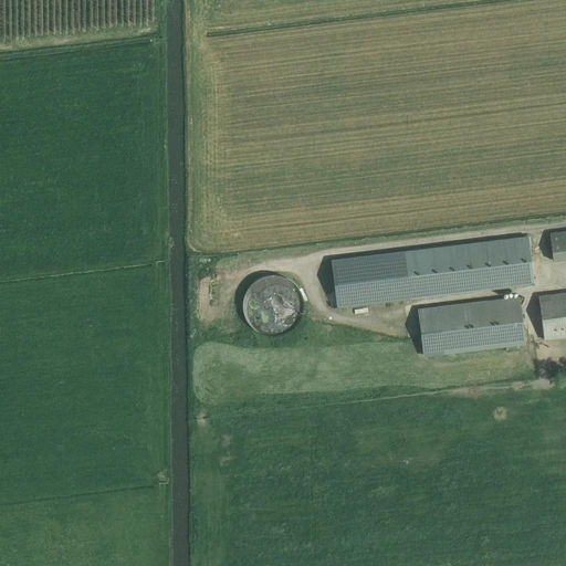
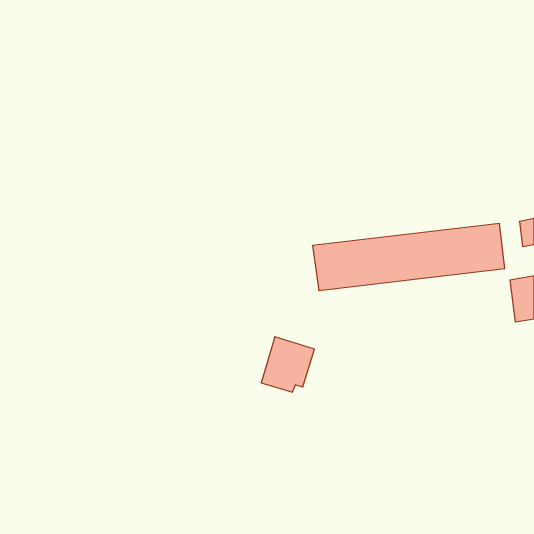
building: [247,273,303,332] -> [261,337,314,392]
building: [417,296,524,357] -> none

